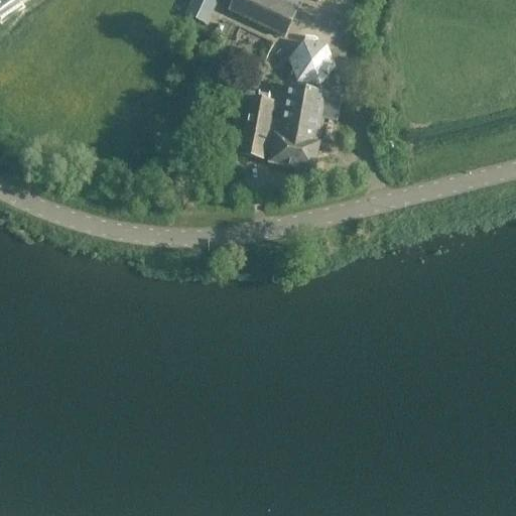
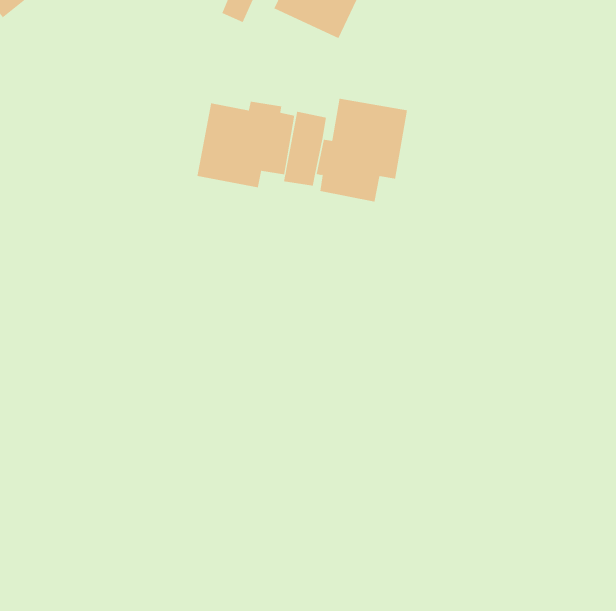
building: [289,39,334,82] -> none
building: none -> [197,101,295,188]

